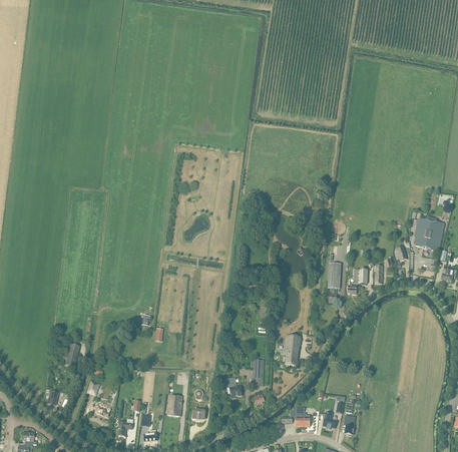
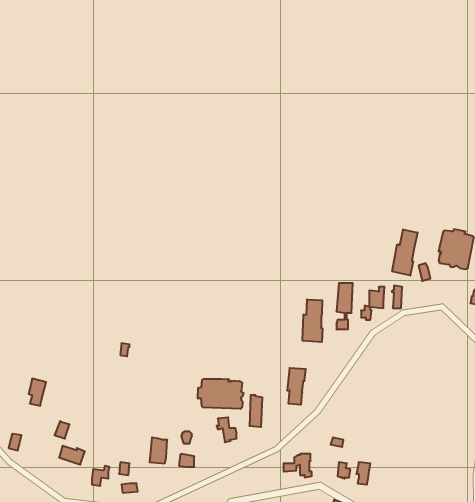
building: none -> [392,229,417,276]
building: none -> [303,299,322,342]
building: none -> [198,379,244,409]

